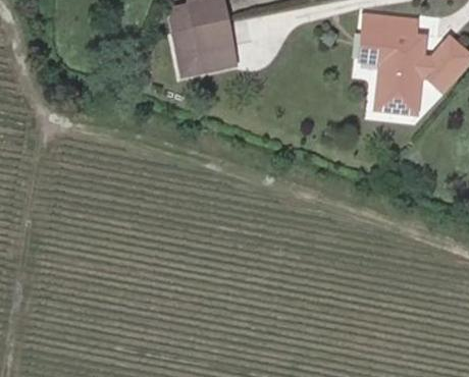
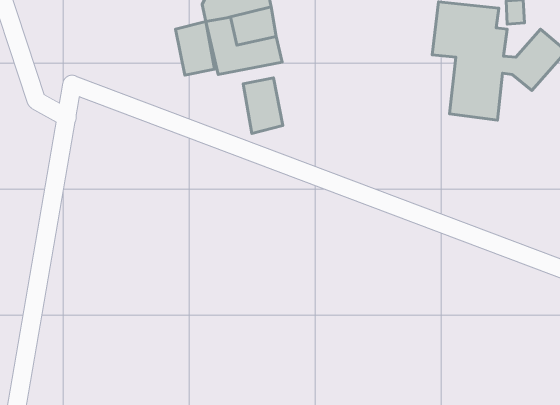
building: none -> [176,21,215,75]
building: none -> [243,78,283,133]

